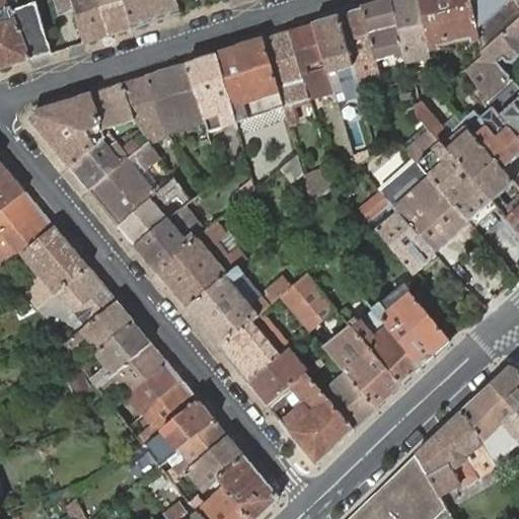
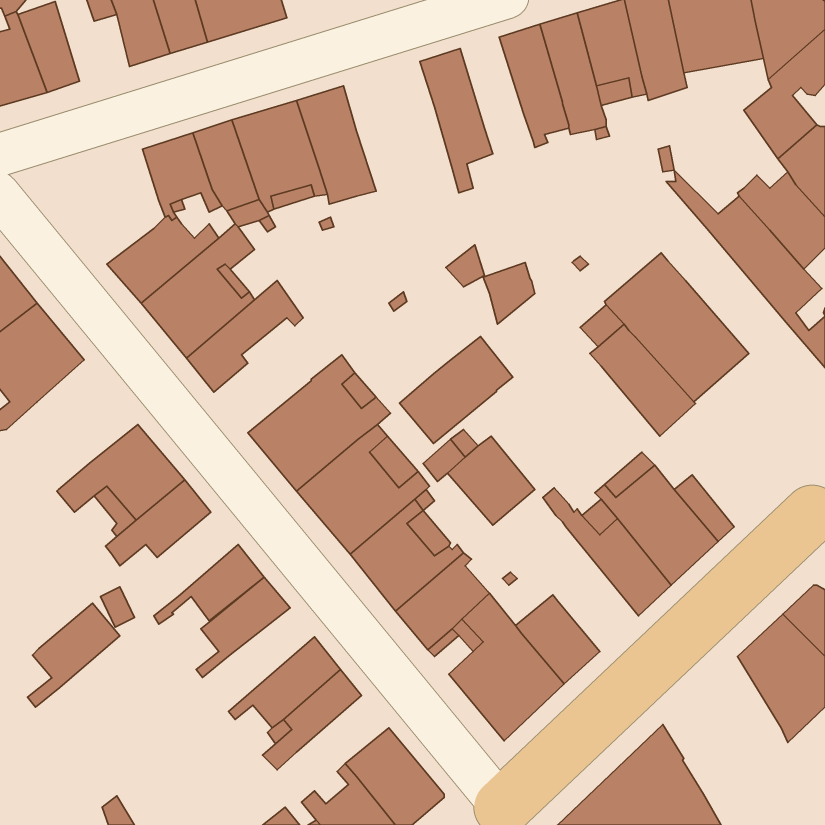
building: [288,23,333,96] -> none
building: [215,39,283,120] -> none
building: [28,93,99,165] -> none
building: [407,114,492,221] -> none
building: [134,204,205,271] -> [399,337,513,444]
building: [4,225,86,307] -> none
building: [91,320,149,385] -> [28,603,120,707]
building: [325,326,399,407] -> none
building: [139,380,197,445] -> none
building: [415,411,495,497] -> none
building: [173,435,243,491] -> none

